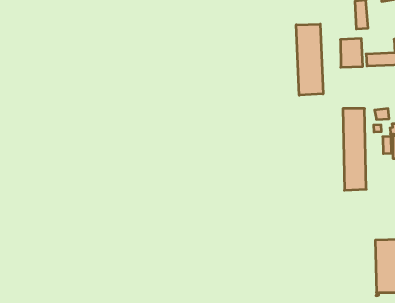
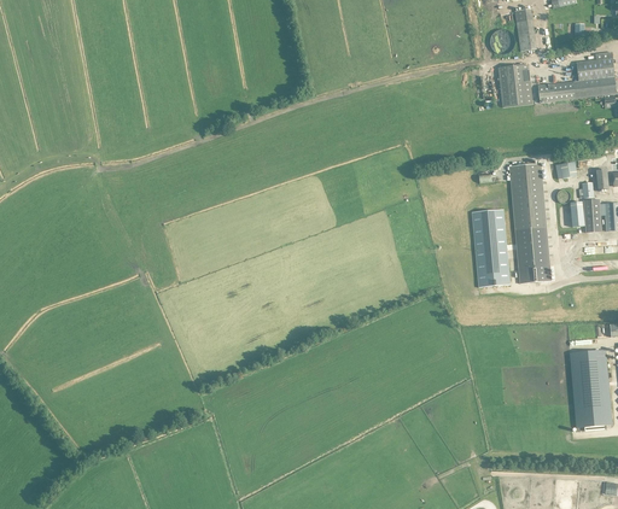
building: [296,24,323,95] -> none
building: none -> [471,207,508,286]

